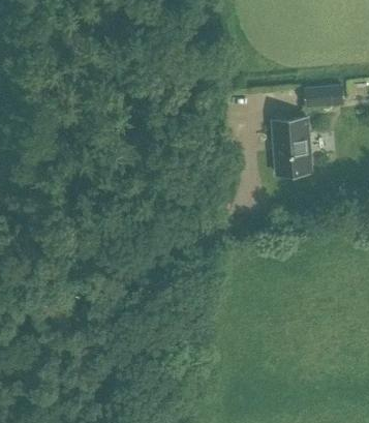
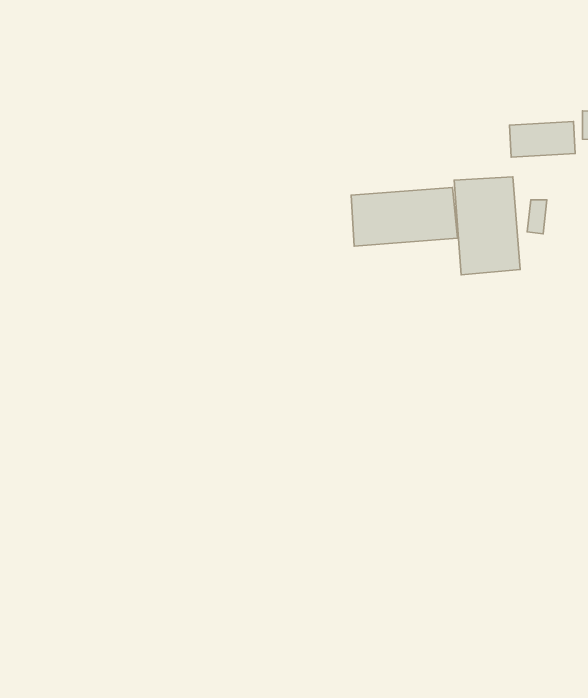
building: none -> [351,188,457,246]

